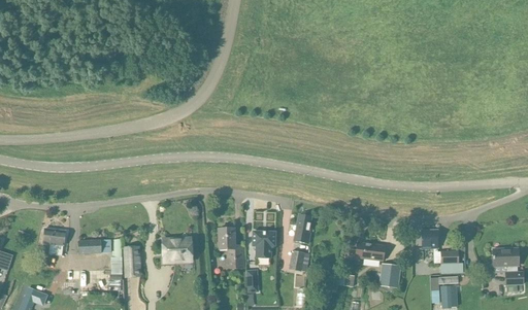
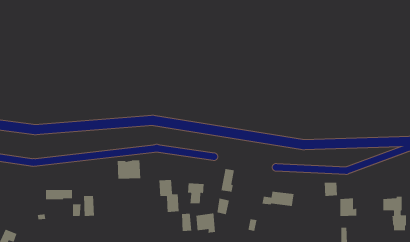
building: [43,228,65,254] -> none
building: [162,237,192,262] -> [117,159,141,180]
building: [378,263,400,287] -> none
building: none -> [196,213,216,234]

